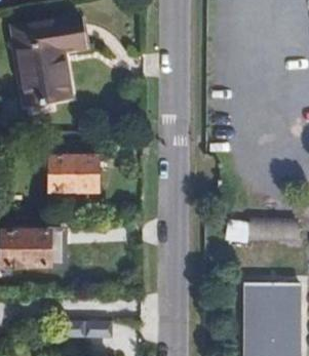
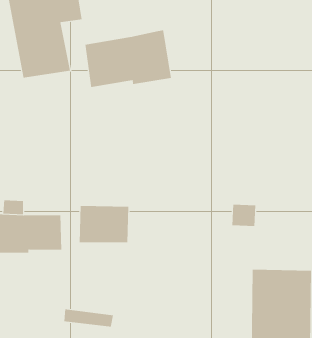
building: none -> [85,29,172,88]
building: [48,158,96,194] -> [79,206,129,243]

